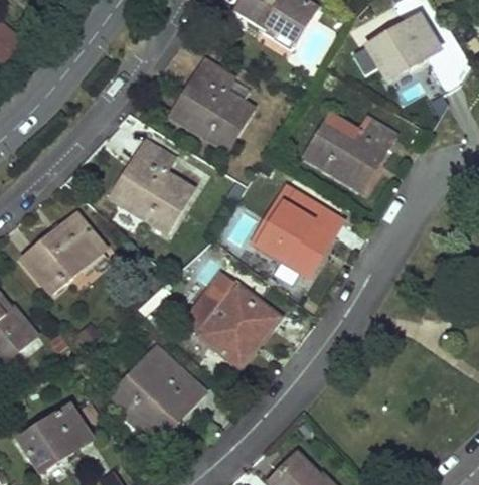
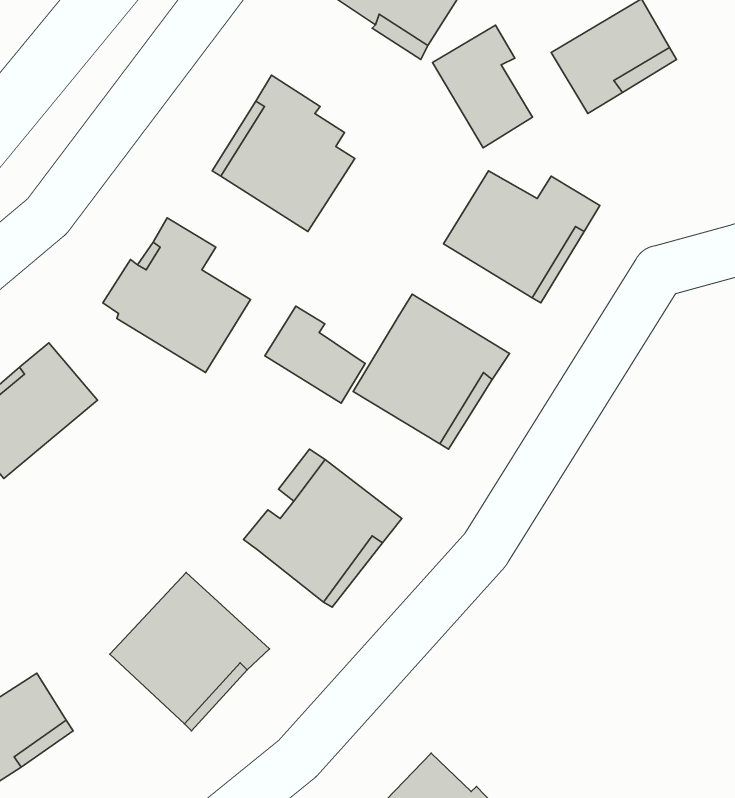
building: none -> [432,25,532,148]
building: none -> [265,306,365,403]

